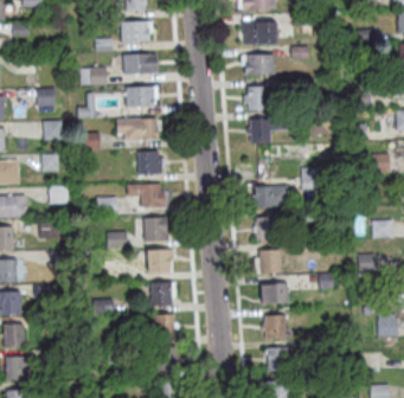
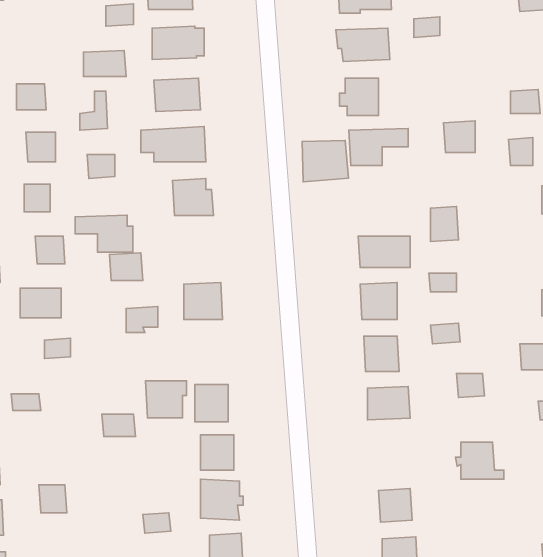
building: none -> [302,140,348,182]
building: [127,184,163,207] -> [75,215,133,252]
building: [147,249,173,272] -> [146,381,186,418]
building: [261,316,291,340] -> [455,442,504,479]

